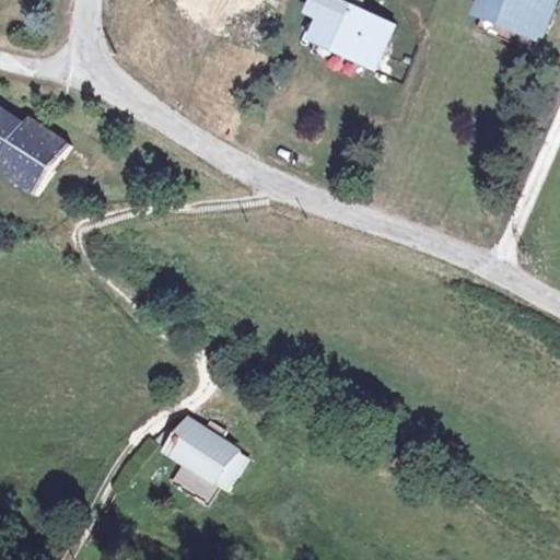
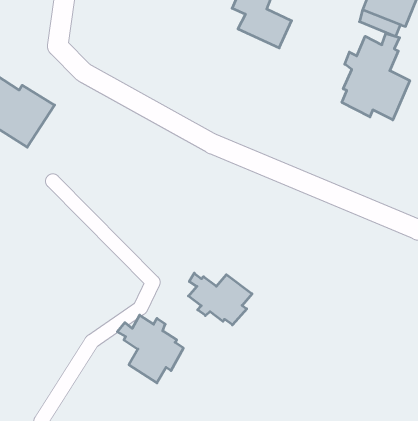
building: none -> [342,33,410,120]
building: none -> [188,273,252,325]

